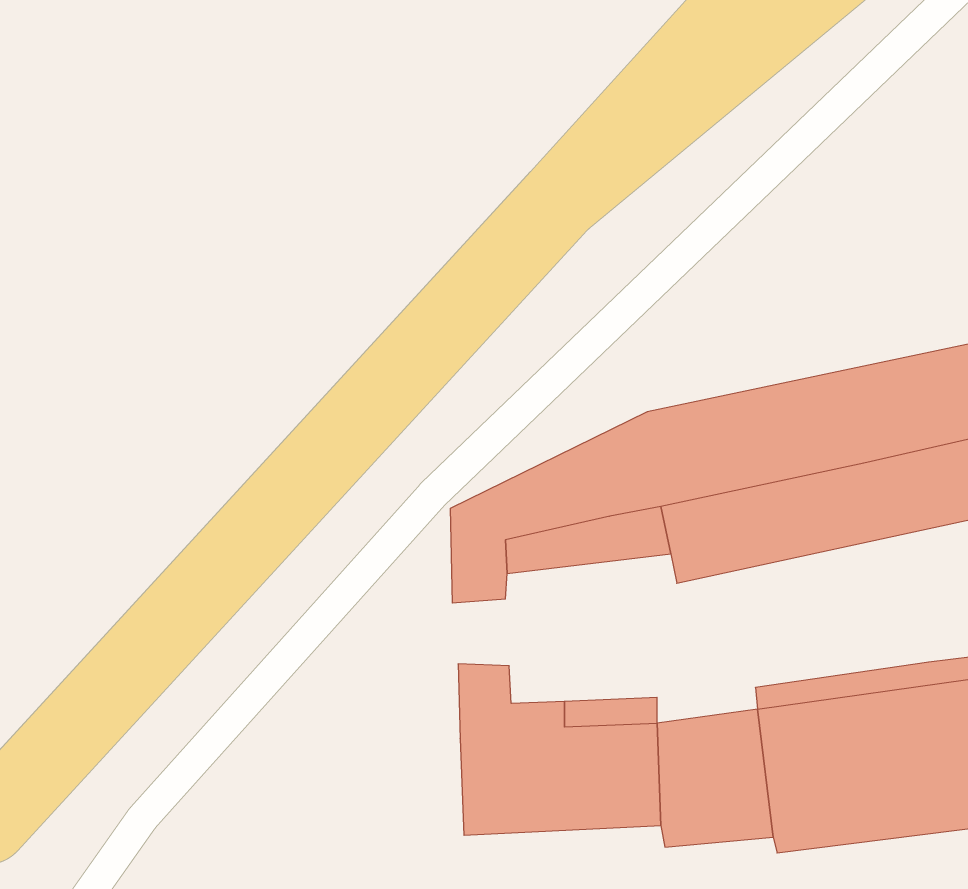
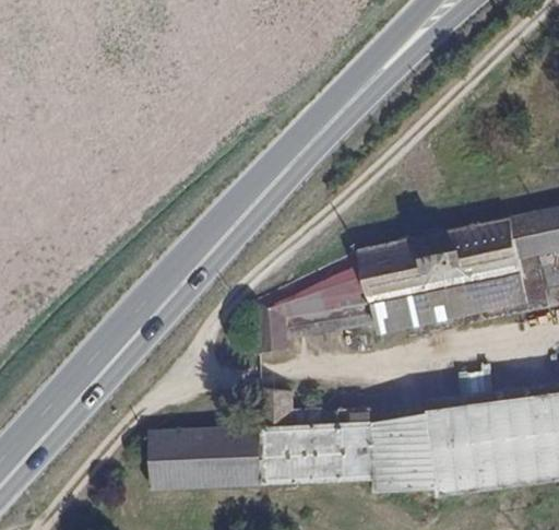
building: none -> [153,431,266,490]

